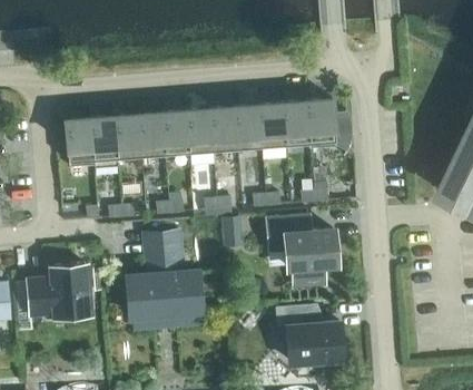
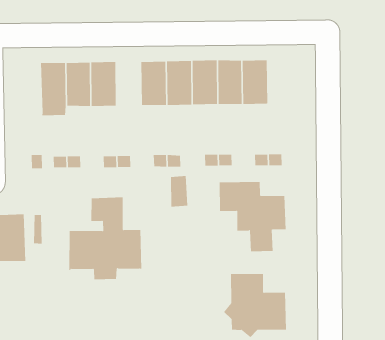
building: [306,98,351,157] -> none
building: [161,110,188,154] -> none
building: [65,117,93,167] -> none

